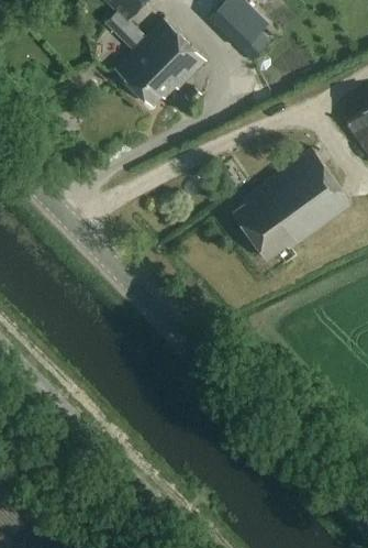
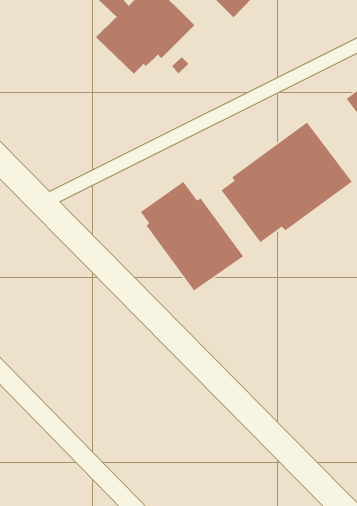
building: none -> [140,181,244,292]

